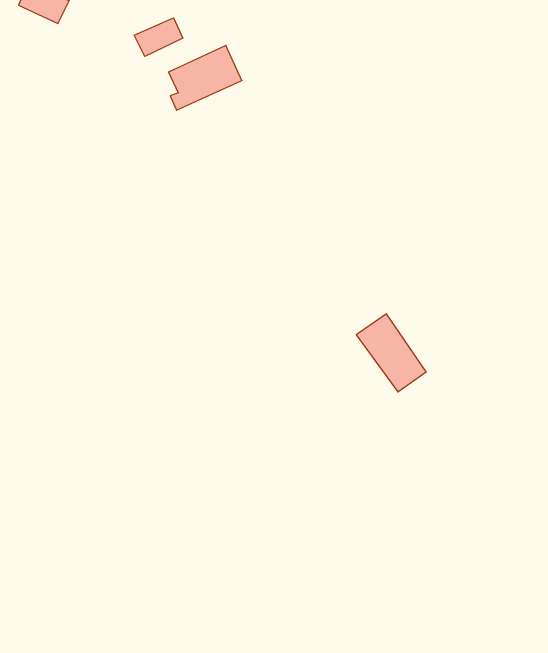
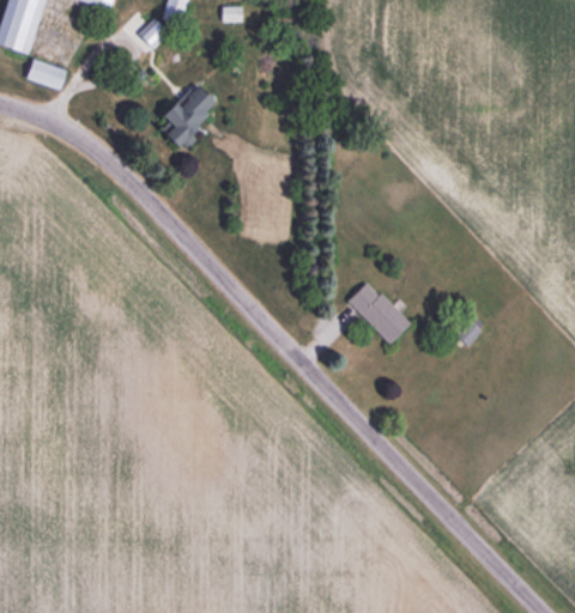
building: [134,18,183,56] -> none

